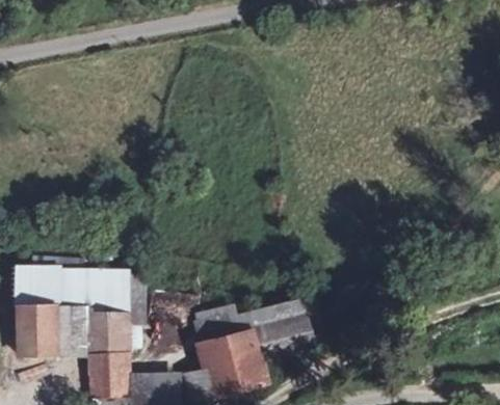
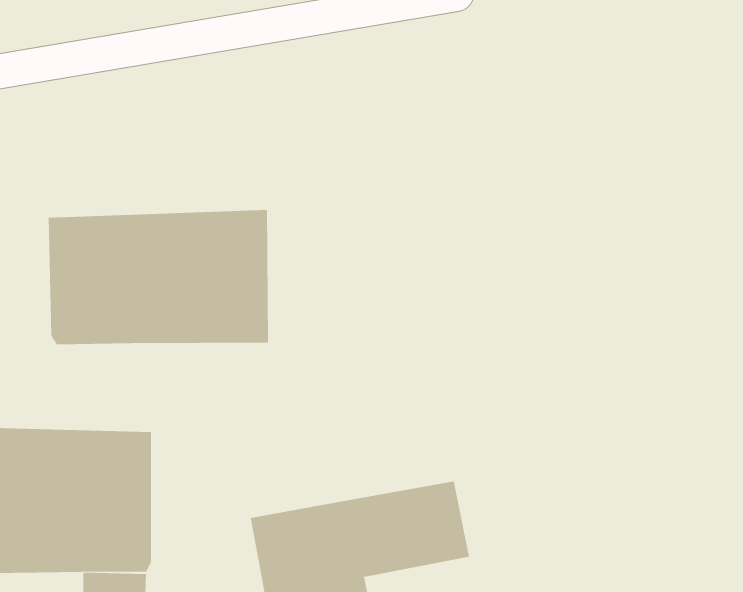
building: none -> [48,209,268,345]

